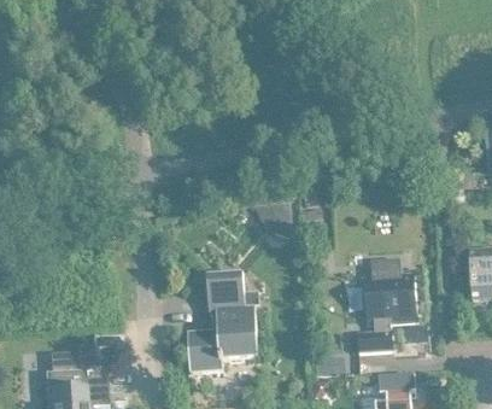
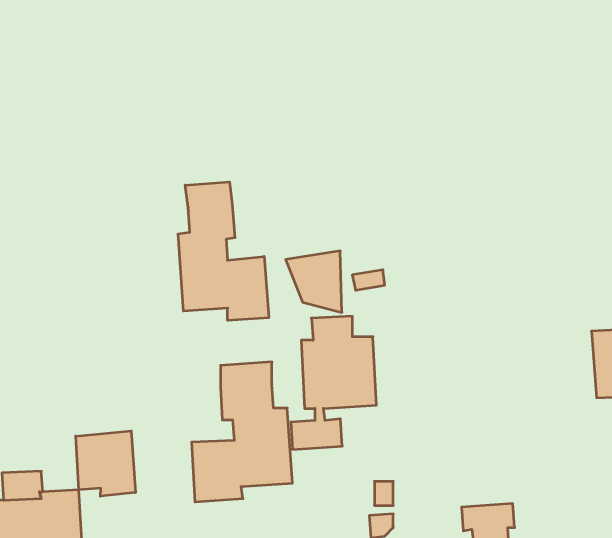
building: none -> [178,182,269,320]
building: [356,258,416,352] -> [291,316,376,449]
building: none -> [76,431,135,496]

